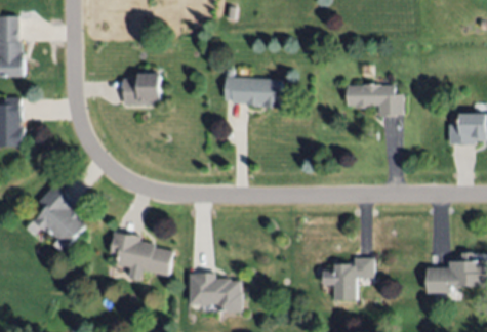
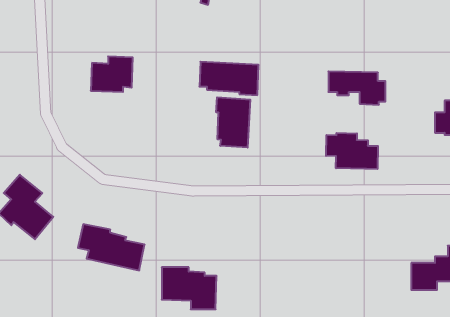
building: none -> [216,97,250,148]
building: none -> [326,133,378,169]
building: [323,257,374,299] -> none

